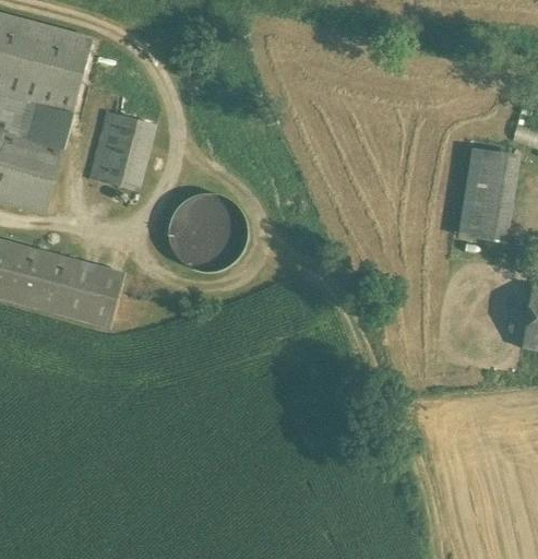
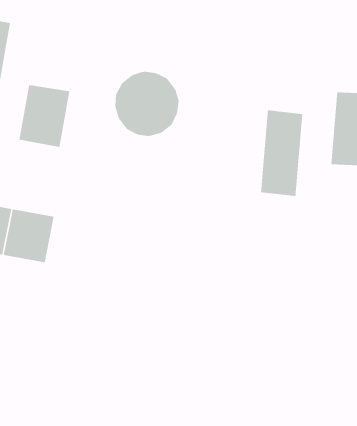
building: none -> [261,109,303,197]
building: [168,192,247,271] -> [114,71,180,136]

